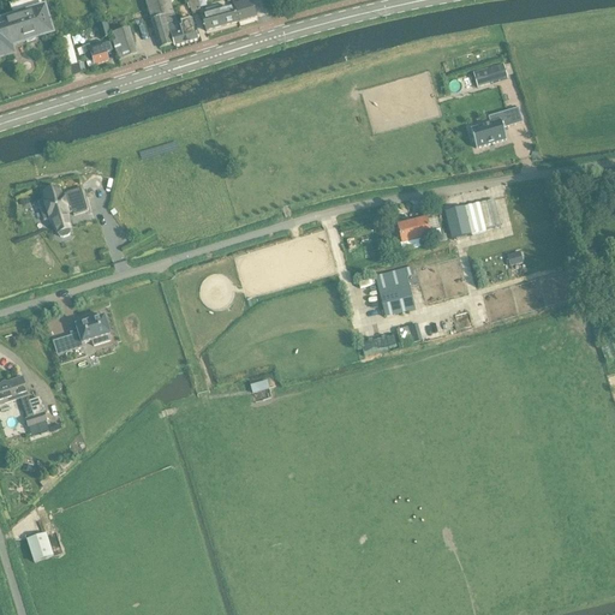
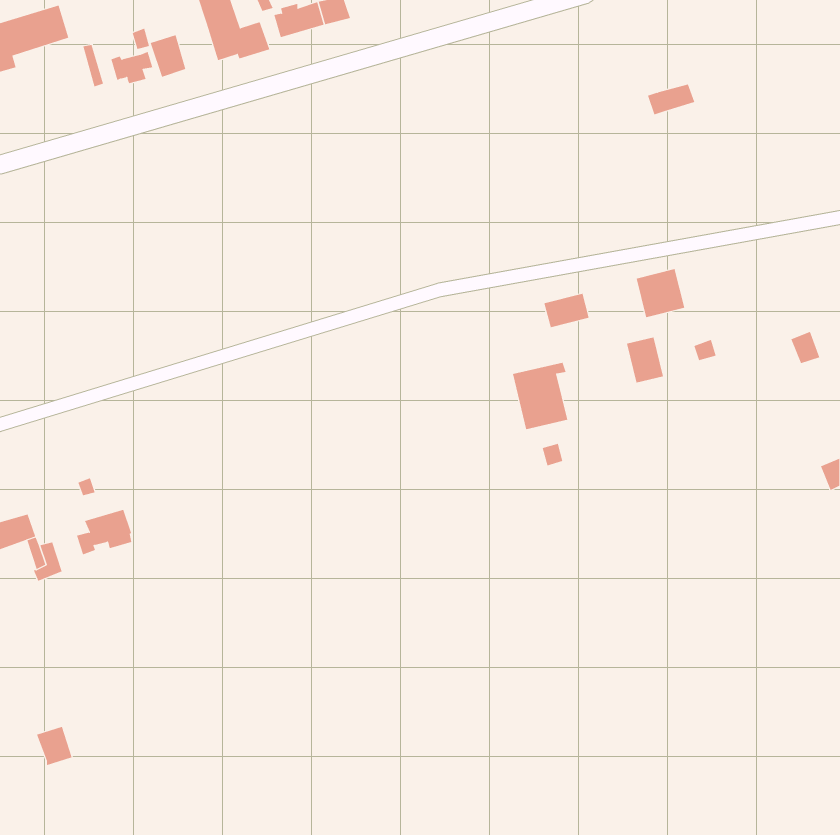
building: [470,105,521,145] -> none
building: [37,185,86,234] -> none
building: [443,203,471,237] -> [626,337,664,383]
building: [68,314,109,347] -> [76,509,132,555]

